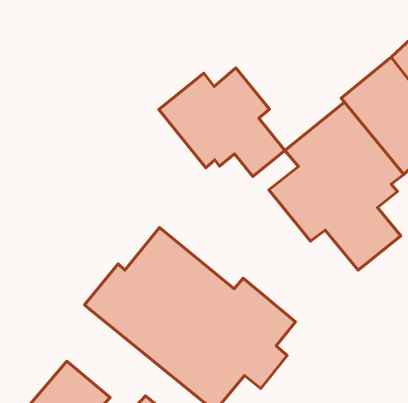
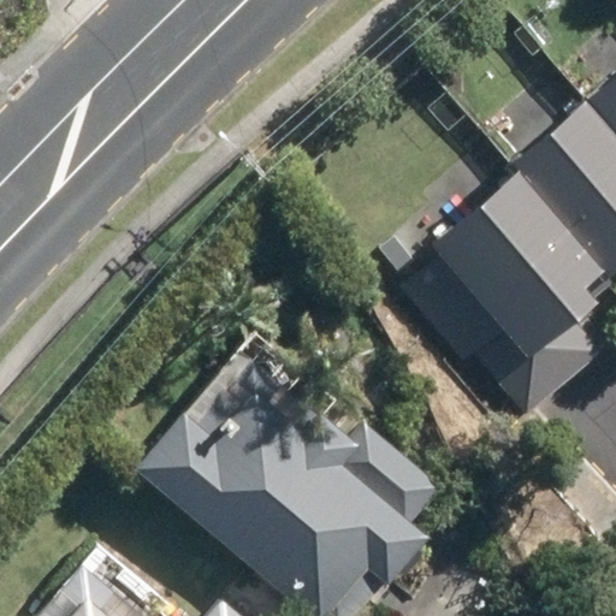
building: [159,68,285,177] -> none

